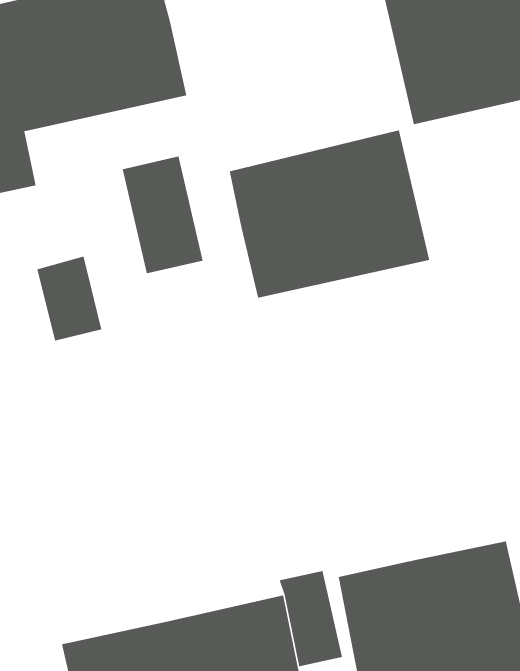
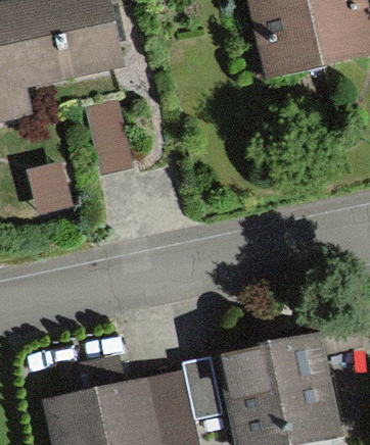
building: [229,130,430,298] -> none

